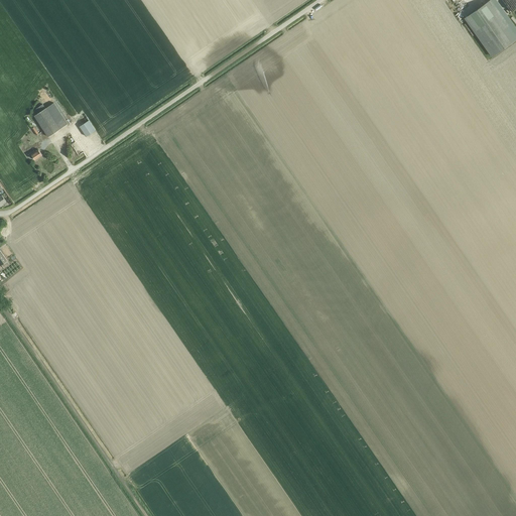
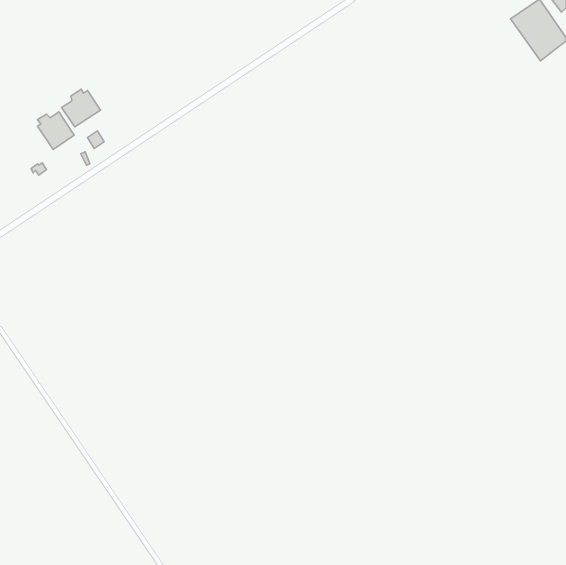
building: none -> [62,89,100,127]

